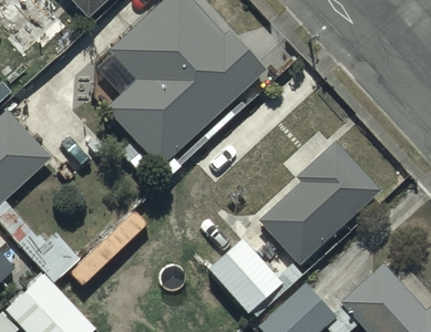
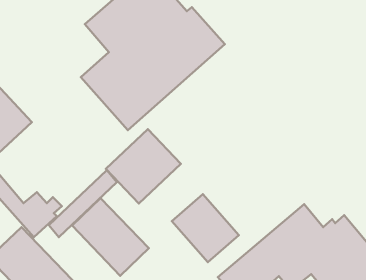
building: [259,153,372,278] -> none
building: none -> [106,129,181,204]
building: none -> [72,198,149,276]

